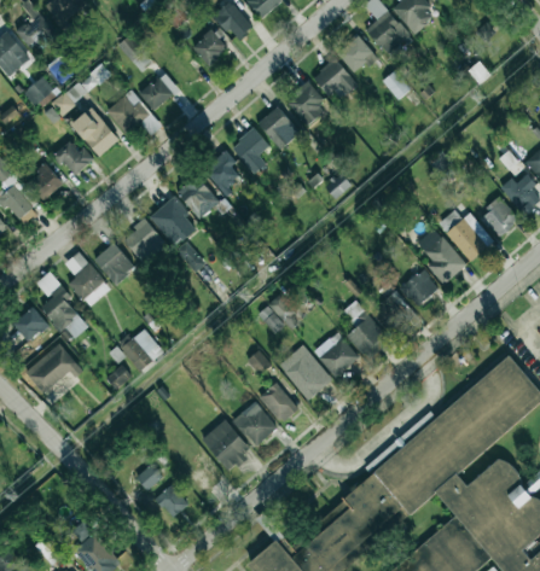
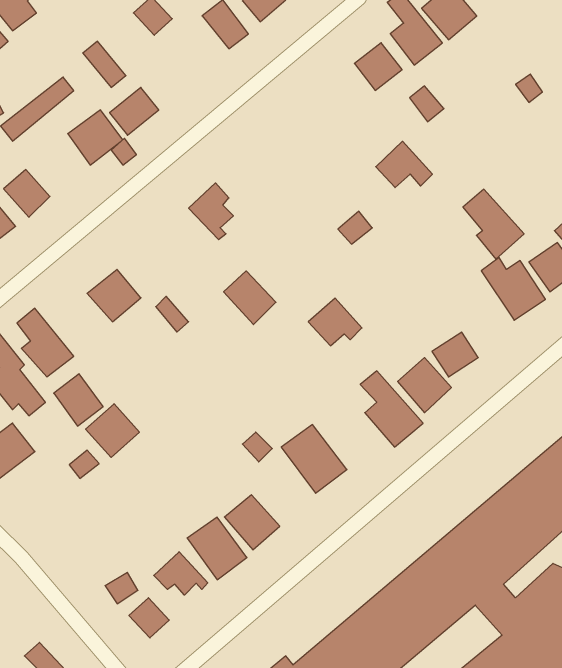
building: [192,28,231,68] -> none
building: [313,58,359,95] -> [376,141,432,188]
building: [288,82,325,127] -> none
building: [259,106,301,150] -> none
building: [72,107,118,157] -> none
building: [232,128,269,174] -> none
building: [178,176,220,220] -> [224,271,276,325]
building: [150,198,198,247] -> none
building: [417,228,466,285] -> [463,189,524,259]
building: [95,243,135,285] -> [54,374,103,426]
building: [257,296,301,334] -> [308,298,362,346]
building: [318,337,359,378] -> none
building: [260,383,298,424] -> none
building: none -> [154,552,208,595]

